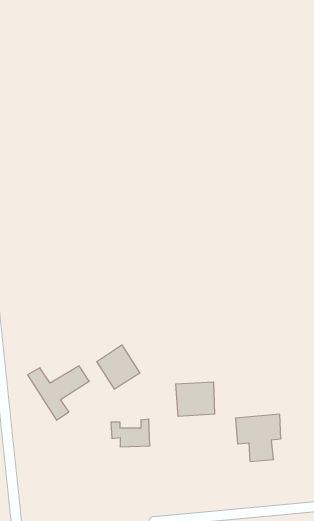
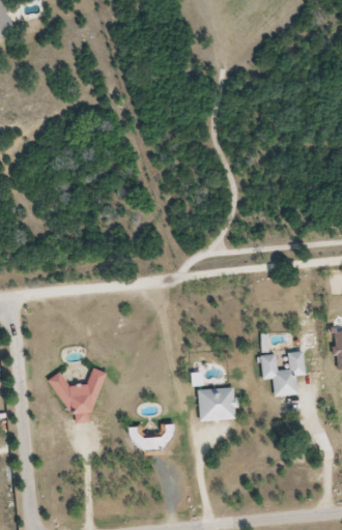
building: [97,345,140,389] -> none
building: [235,414,281,461] -> [259,349,305,396]

